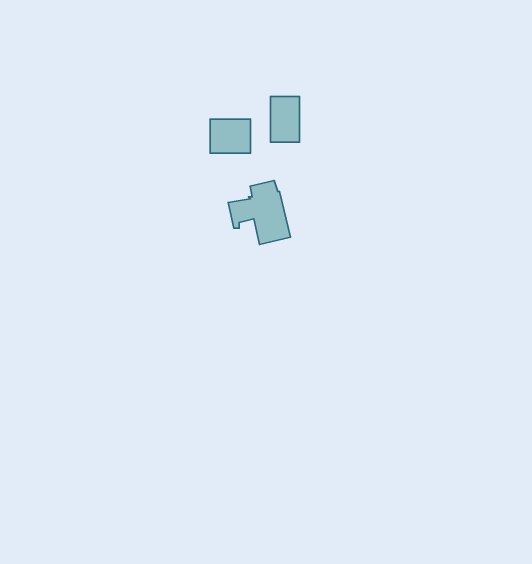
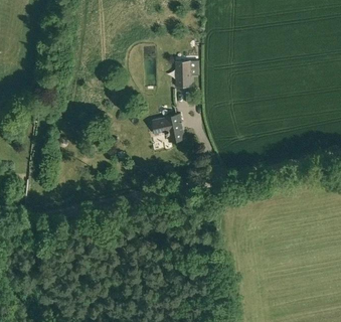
building: [210,119,251,153] -> none

